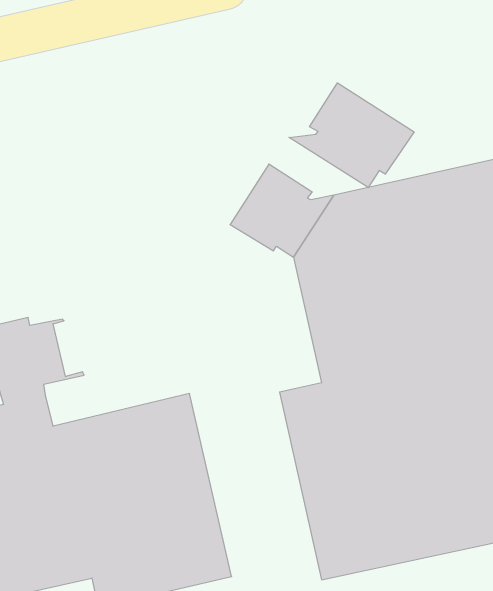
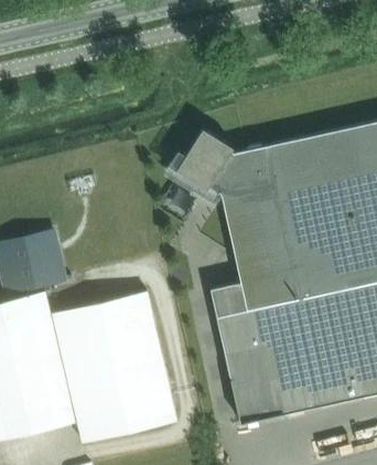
building: [289,83,414,188] -> none

